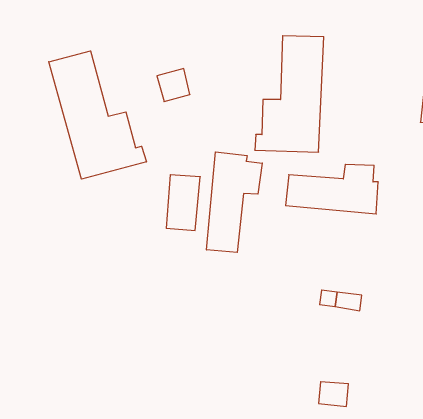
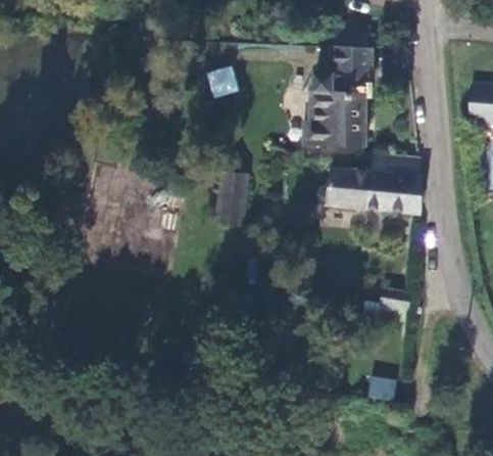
building: [49,51,146,179] -> none
building: [207,152,262,252] -> none

